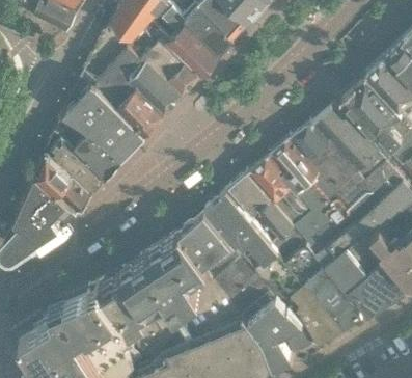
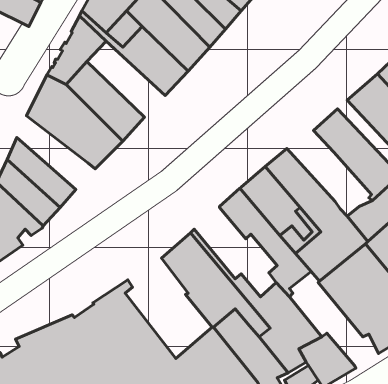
building: [115,51,183,116] -> none
building: [55,115,122,179] -> none
building: [287,128,361,201] -> none
building: [208,196,278,271] -> none
building: [148,238,223,324] -> none
building: [290,249,362,332] -> none

